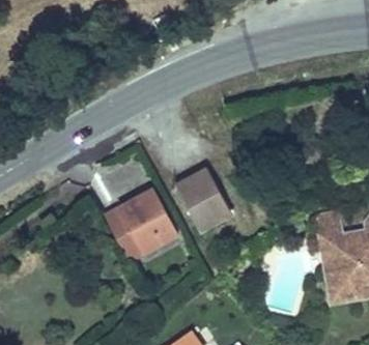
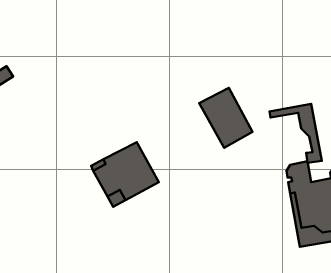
building: none -> [269,104,322,163]
building: [174,167,232,232] -> [199,88,253,148]

